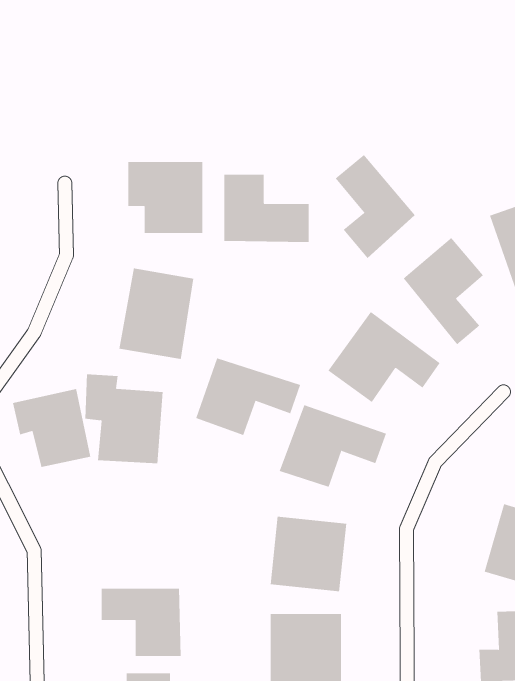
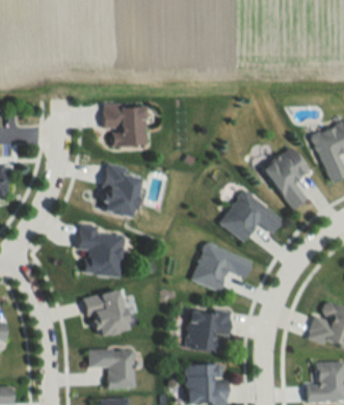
building: [335,154,415,259] -> none
building: [224,174,309,243] -> none
building: [195,357,301,436] -> none
building: [12,388,91,468] -> [84,290,130,335]

